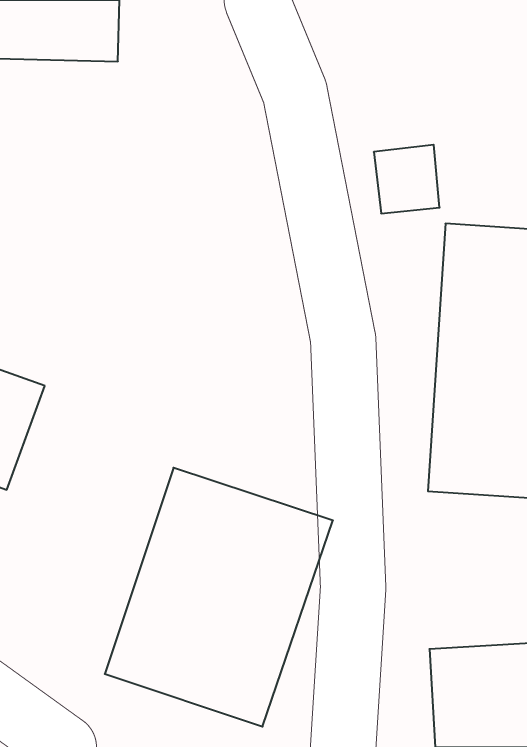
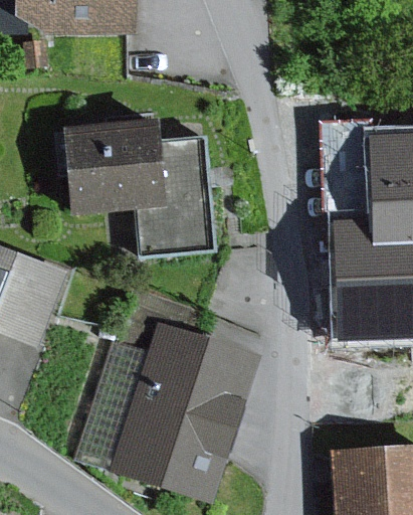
building: none -> [66,123,212,250]

